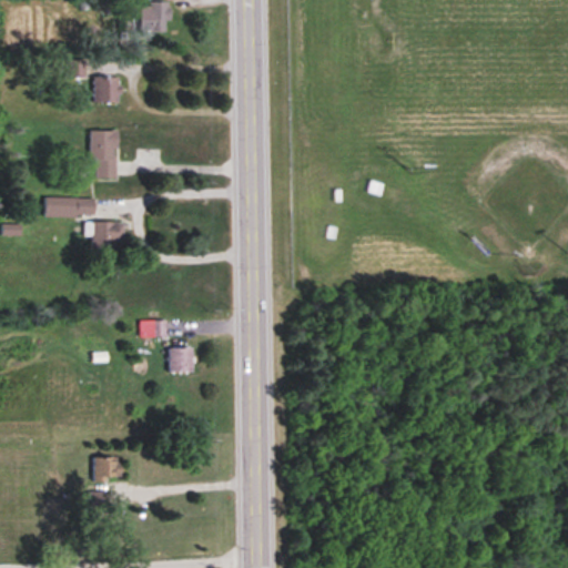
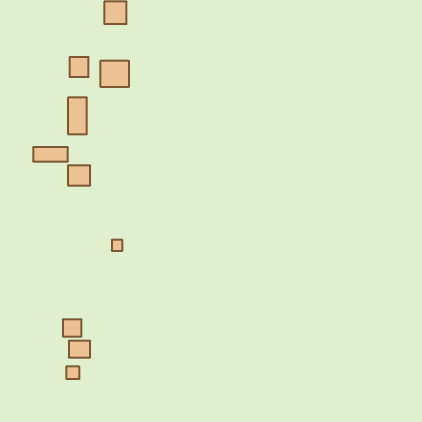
building: none -> [101,61,129,87]
building: [169,347,193,371] -> none
building: none -> [63,319,81,337]

